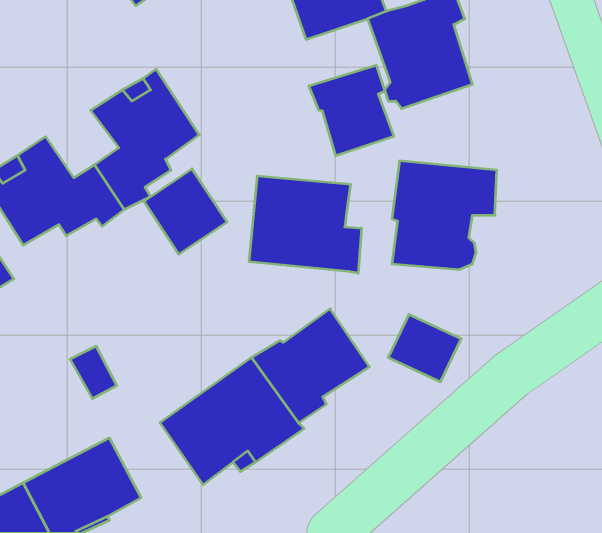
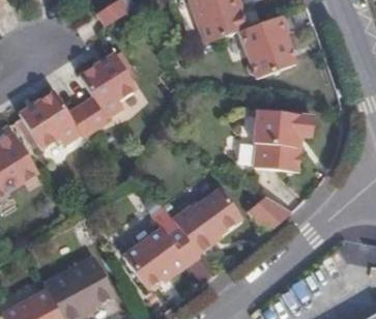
building: [309,65,394,156] -> none
building: [144,169,227,254] -> none
building: [249,176,361,273] -> none

